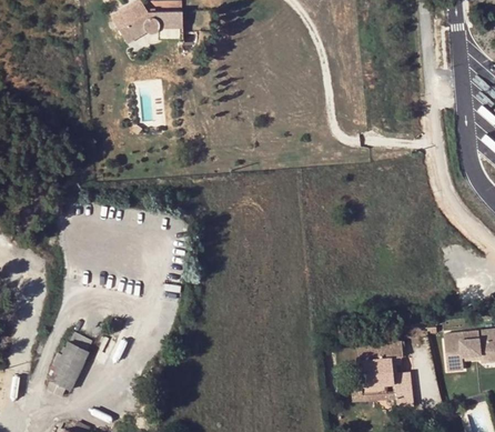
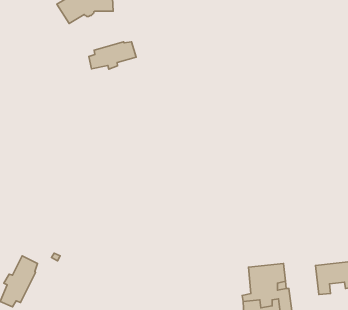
building: none -> [89,42,136,69]

